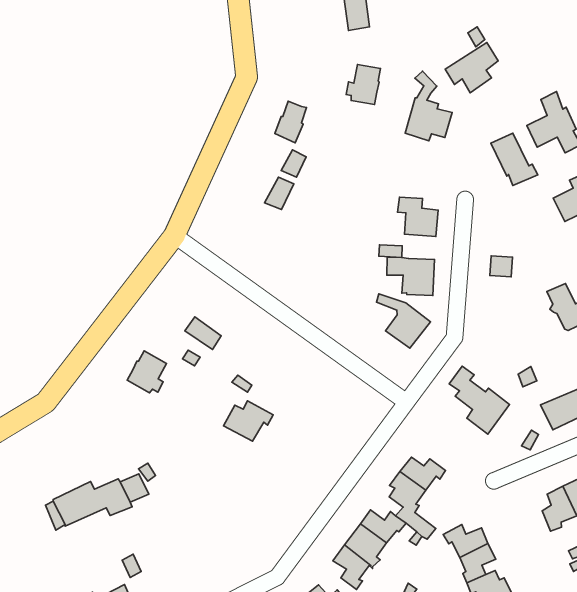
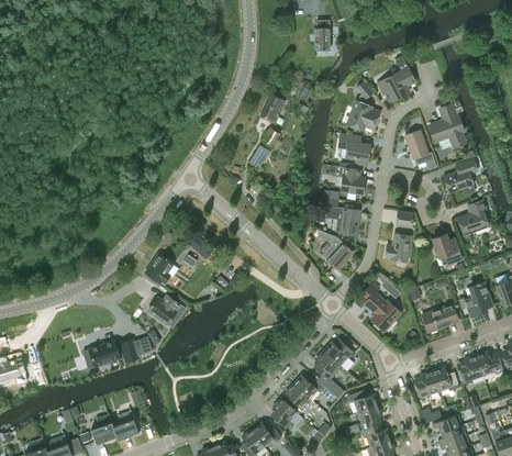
building: [346,64,381,105] -> none
building: none -> [338,133,369,164]
building: none -> [385,233,411,262]
building: [224,401,273,441] -> [148,296,182,323]

